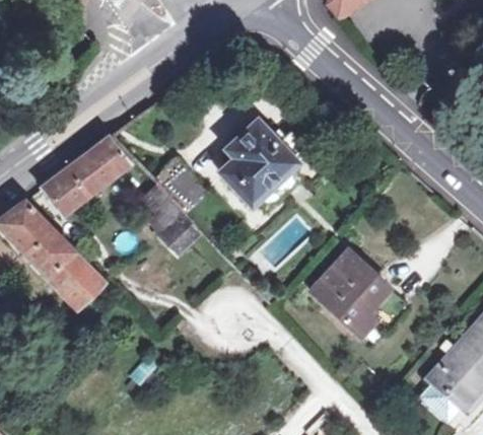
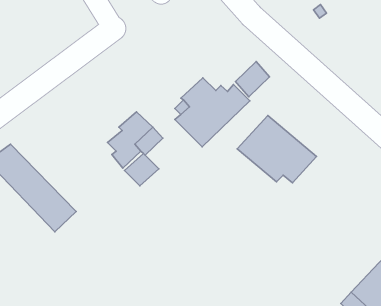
building: none -> [236,61,269,97]
building: [42,142,127,215] -> none
building: [316,252,410,333] -> [237,116,316,183]

